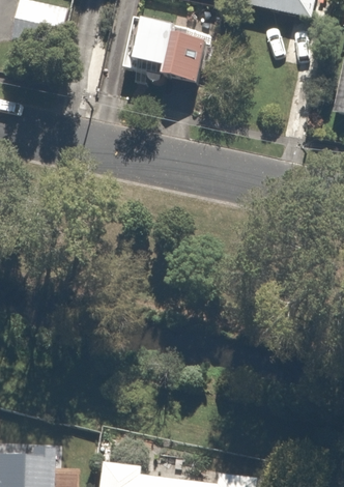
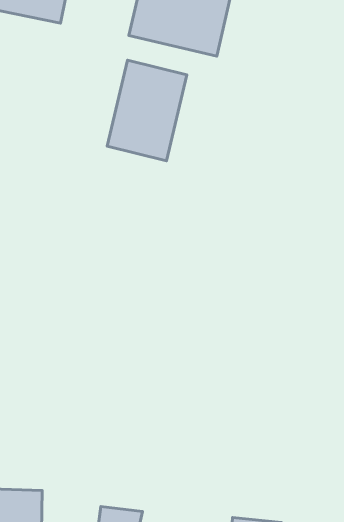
building: none -> [107,60,187,161]

